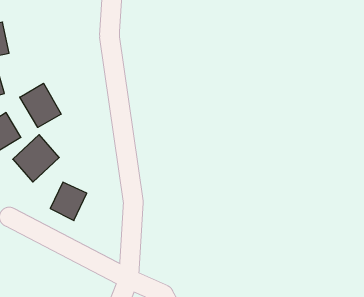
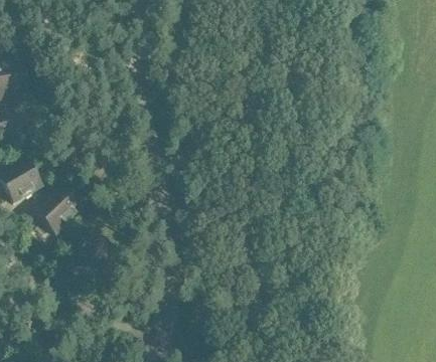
building: [20,83,61,127] -> none

